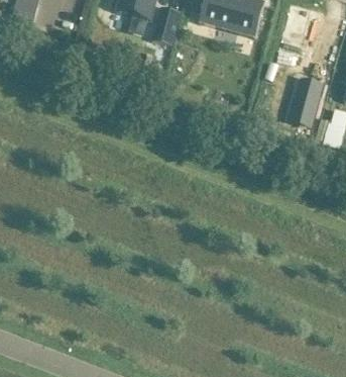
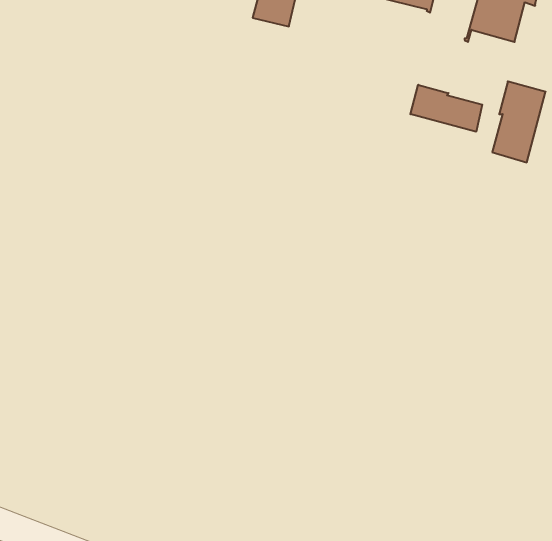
building: none -> [410,85,482,132]

